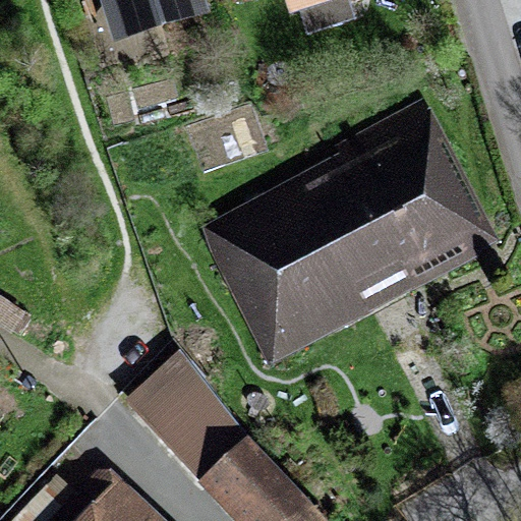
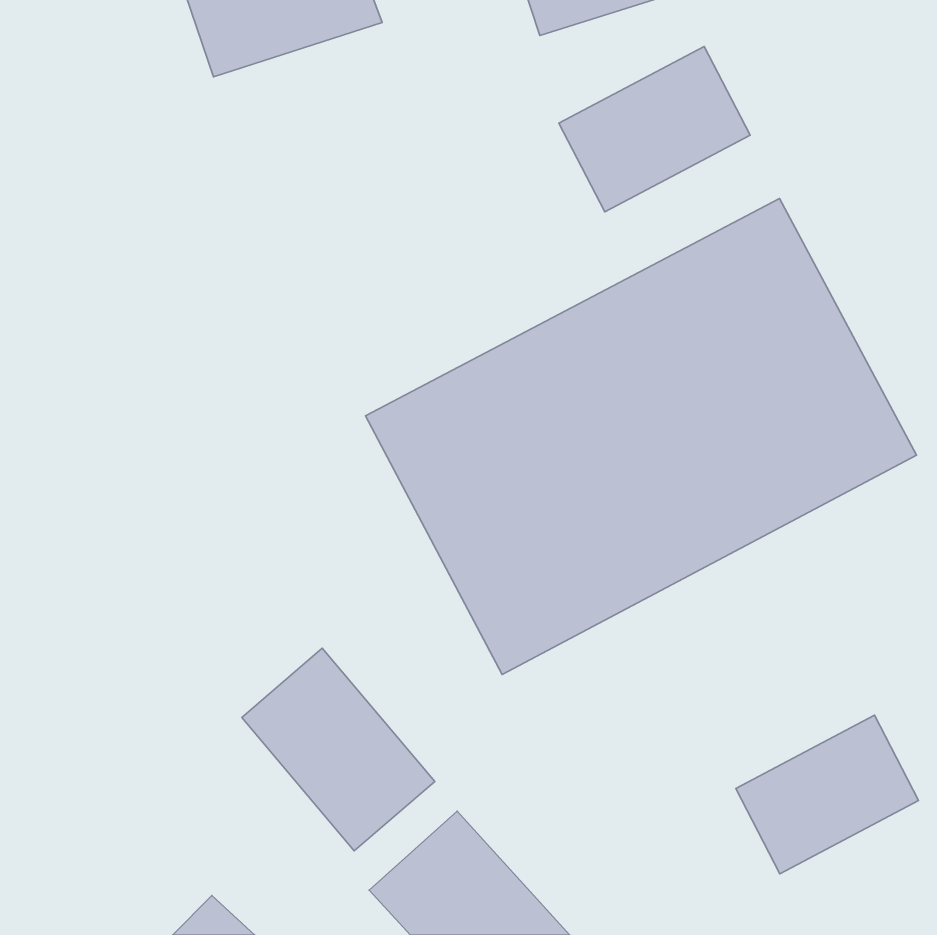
building: none -> [559,46,750,212]
building: none -> [736,715,919,874]

